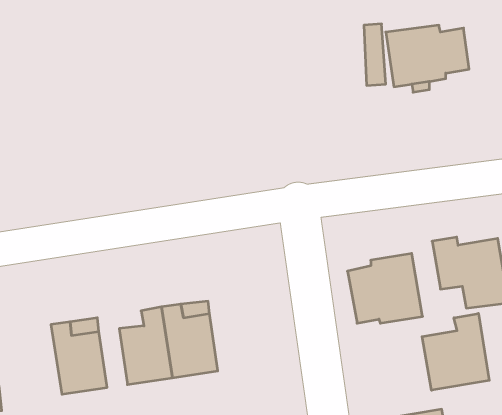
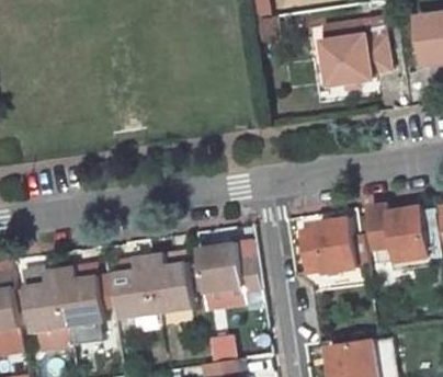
building: none -> [194,248,258,299]
building: [422,313,489,390] -> none
building: none -> [22,274,66,335]

